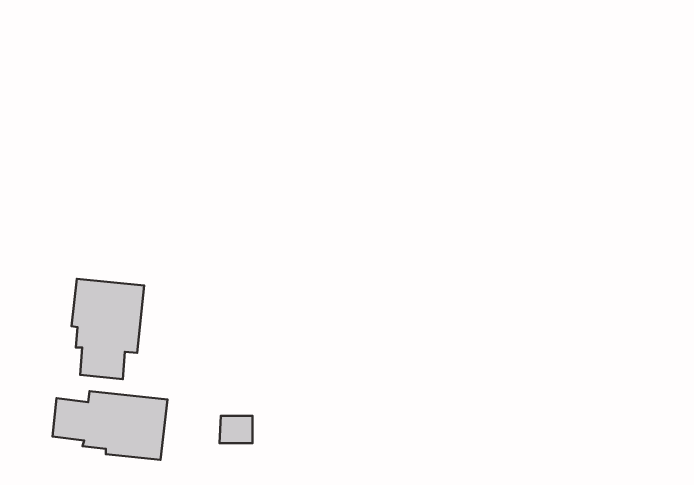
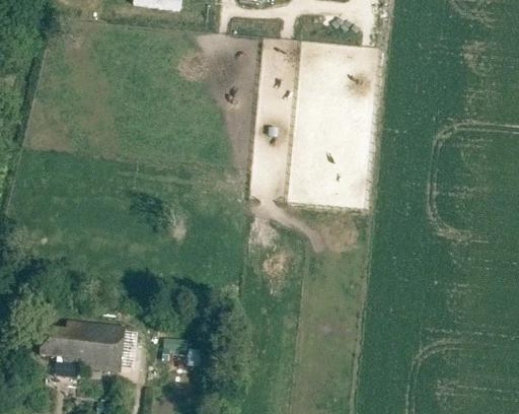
building: [72,279,144,379] -> none

